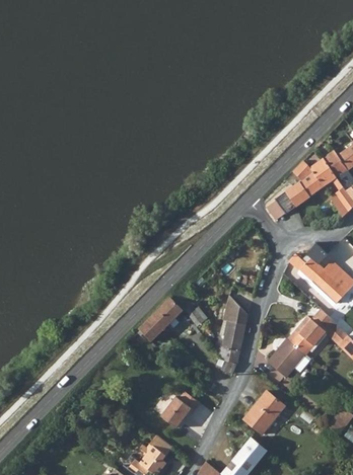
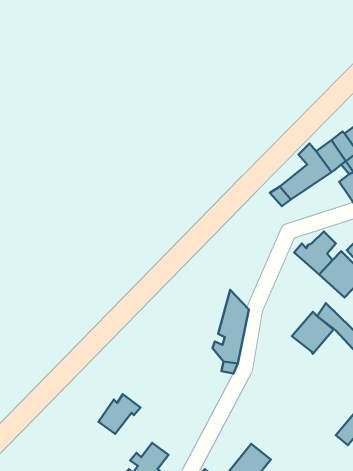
building: [139,298,183,341] -> none
building: [267,337,305,377] -> none
building: [243,390,285,433] -> none
building: [161,392,200,428] -> [99,394,140,434]

